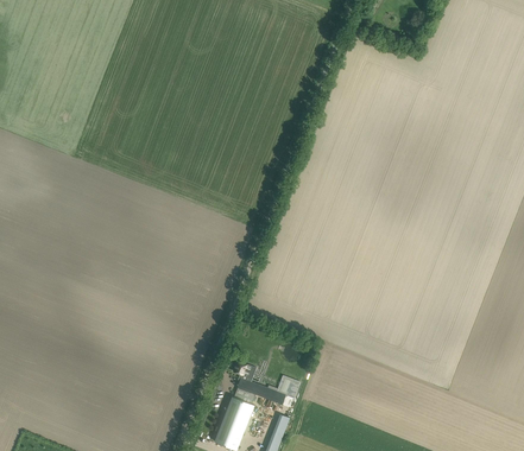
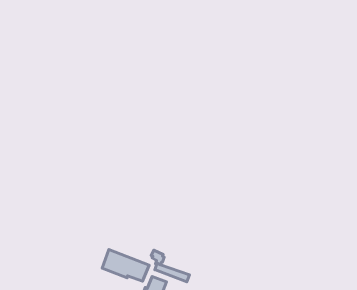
building: none -> [102,250,149,281]

